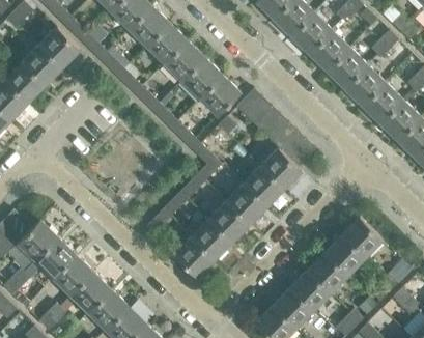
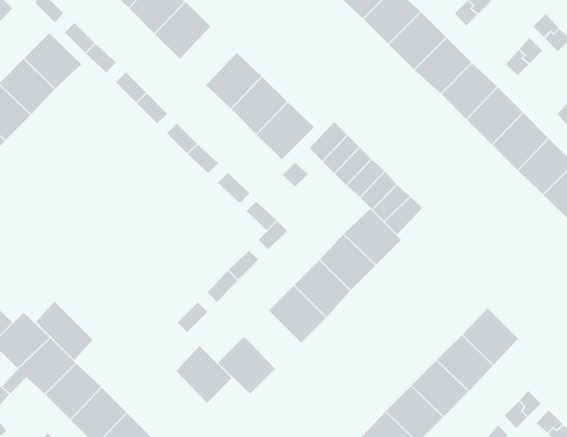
building: [147,24,187,64] -> none
building: none -> [35,301,93,361]
building: [192,220,231,260] -> [176,345,233,404]

